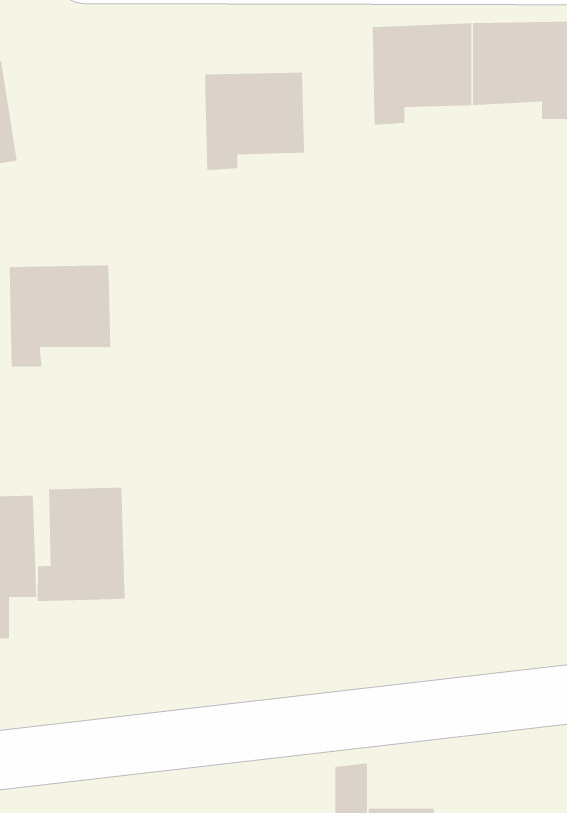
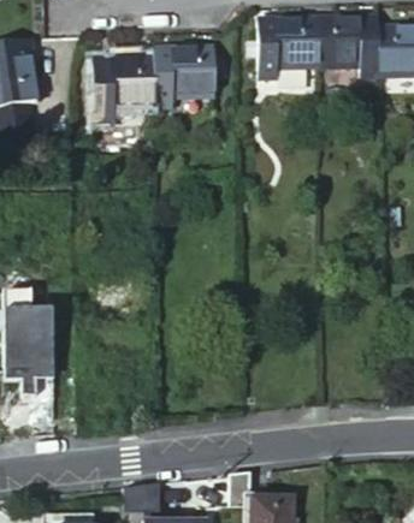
building: [9,265,111,367] -> [93,57,155,119]
building: [37,487,125,602] -> none

